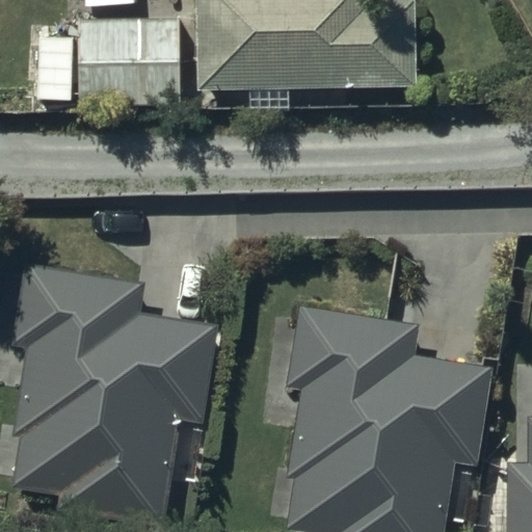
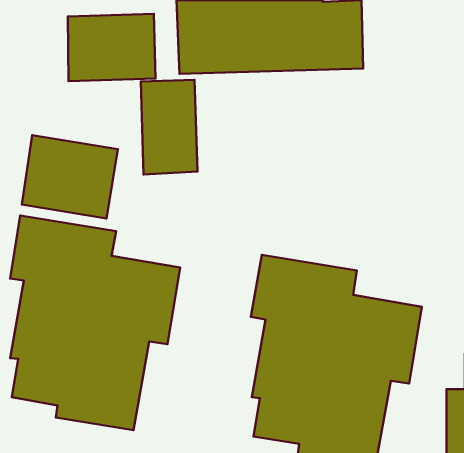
building: none -> [141,80,197,175]
building: none -> [22,135,118,218]

